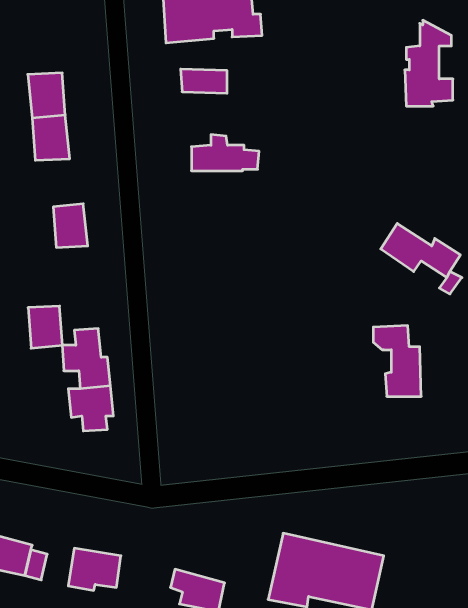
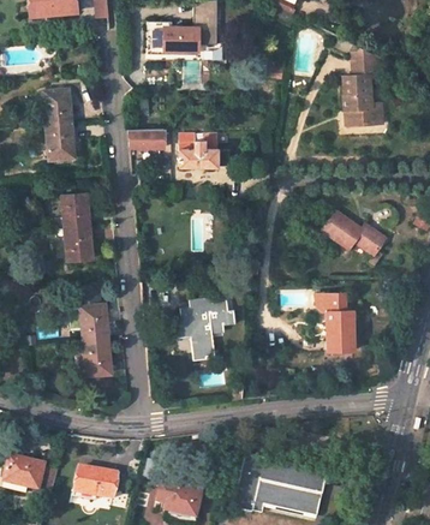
building: [181,69,227,93] -> [130,129,167,148]
building: [28,306,63,348] -> [66,227,94,261]
building: none -> [171,296,235,360]

